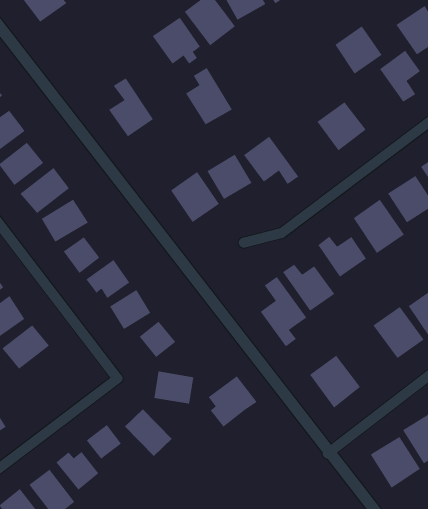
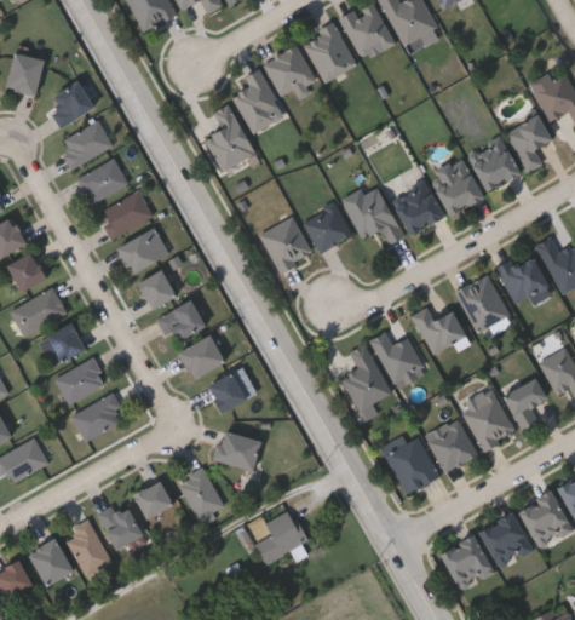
building: [335,26,383,74] -> [470,139,521,191]
building: [185,67,233,125] -> [235,69,284,132]
building: none -> [392,182,444,235]
building: none -> [426,418,478,472]
building: none -> [71,396,126,443]
building: [208,376,257,427] -> [255,509,309,563]

